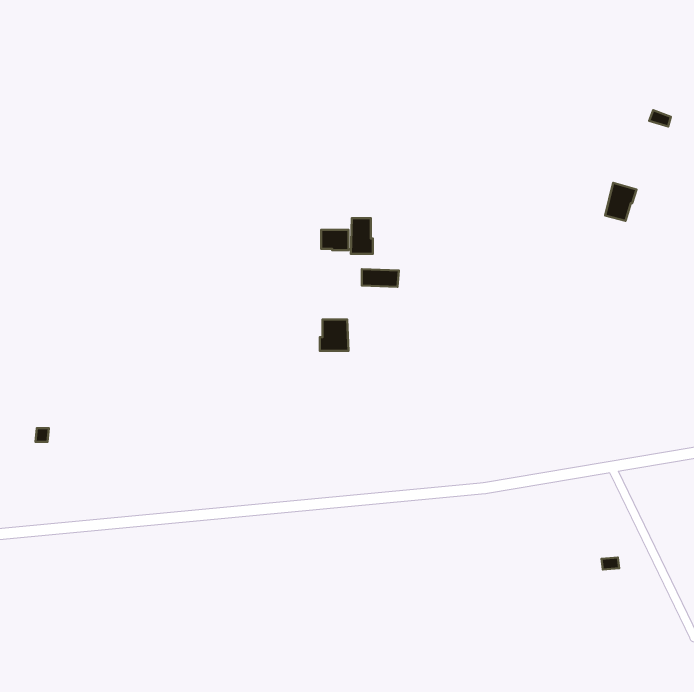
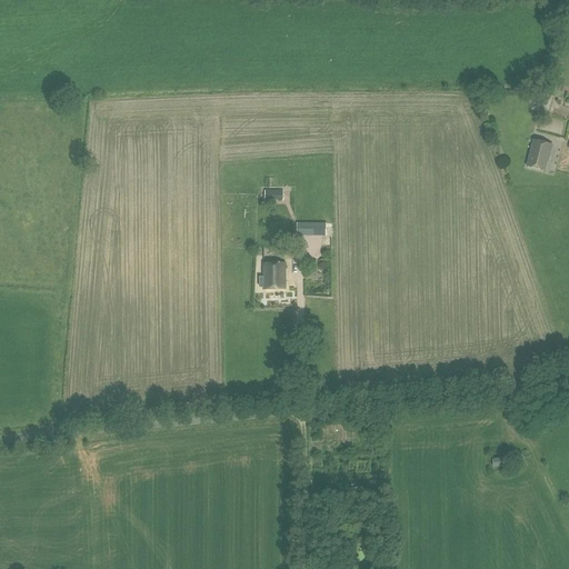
building: [605,183,636,221] -> [527,138,552,169]
building: [351,218,373,254] -> none

